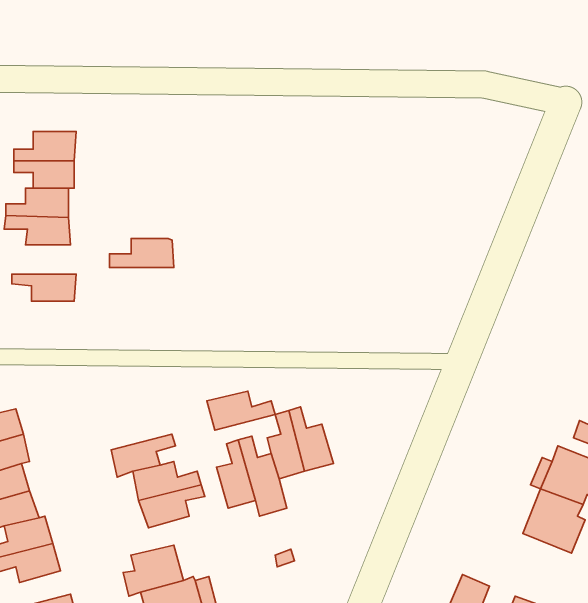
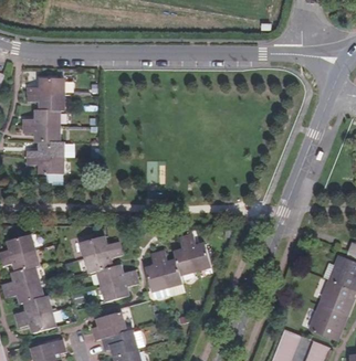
building: [110,238,174,268] -> [28,142,64,159]
building: [207,391,275,430] -> [80,236,118,258]
building: none -> [307,306,345,340]

